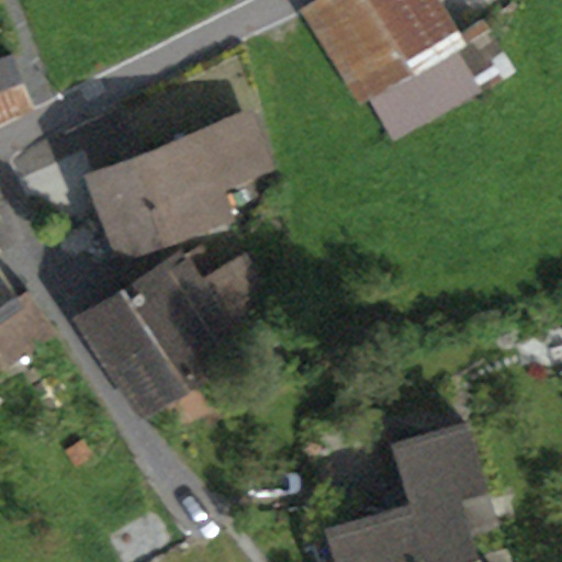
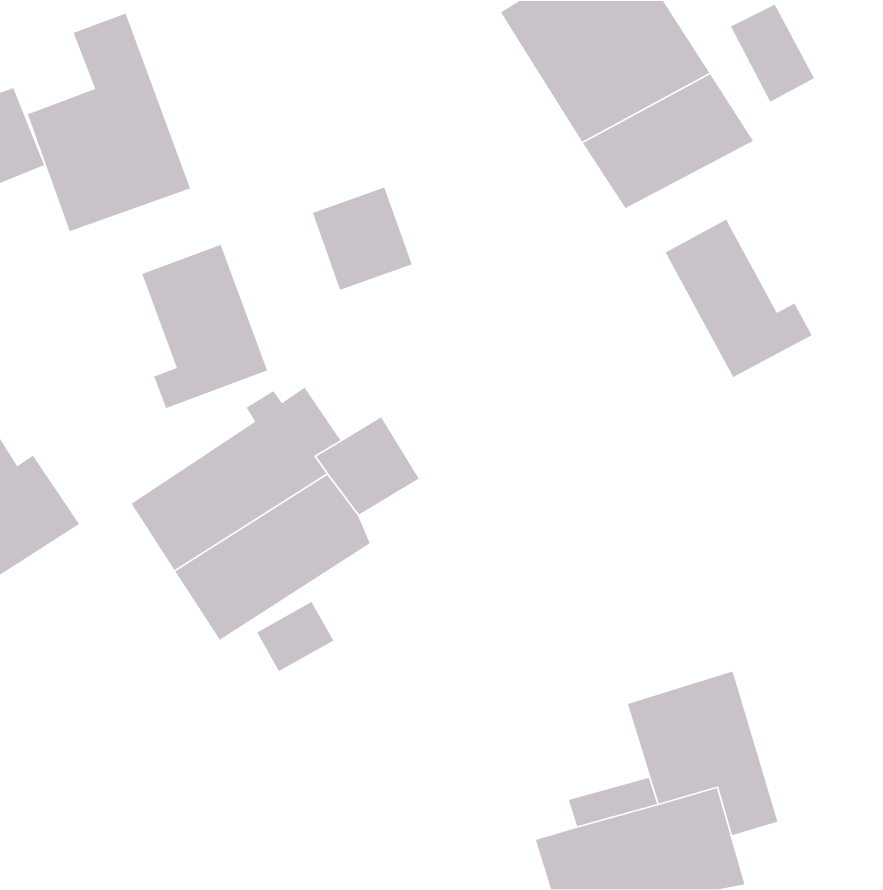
building: none -> [27,12,191,232]
building: [139,134,226,234] -> none
building: none -> [664,218,813,378]

